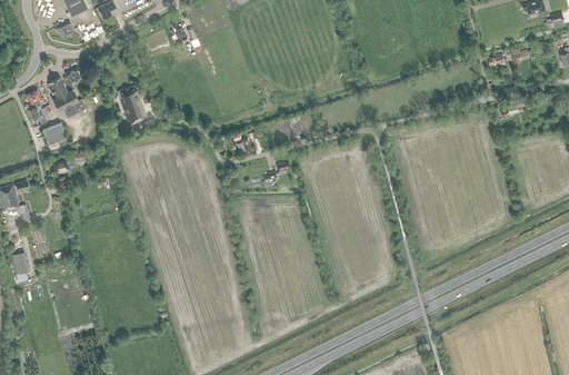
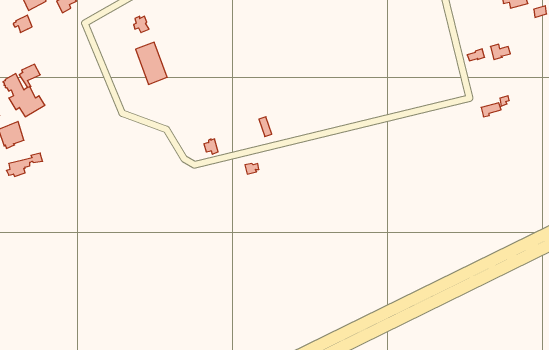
building: [117,85,147,125] -> [136,42,167,84]

